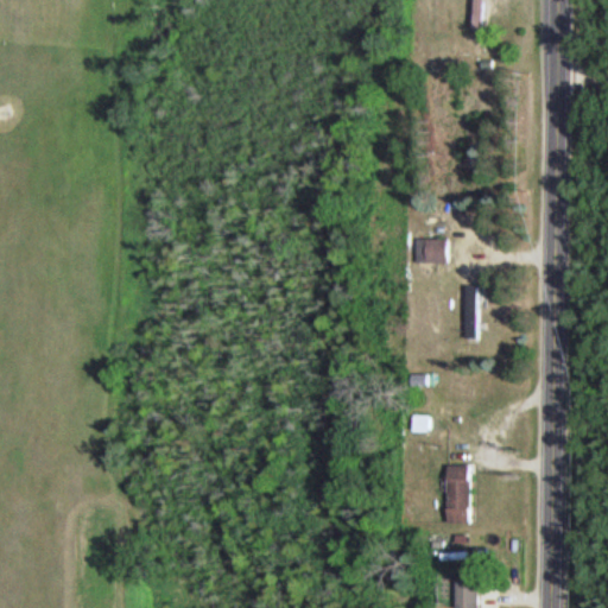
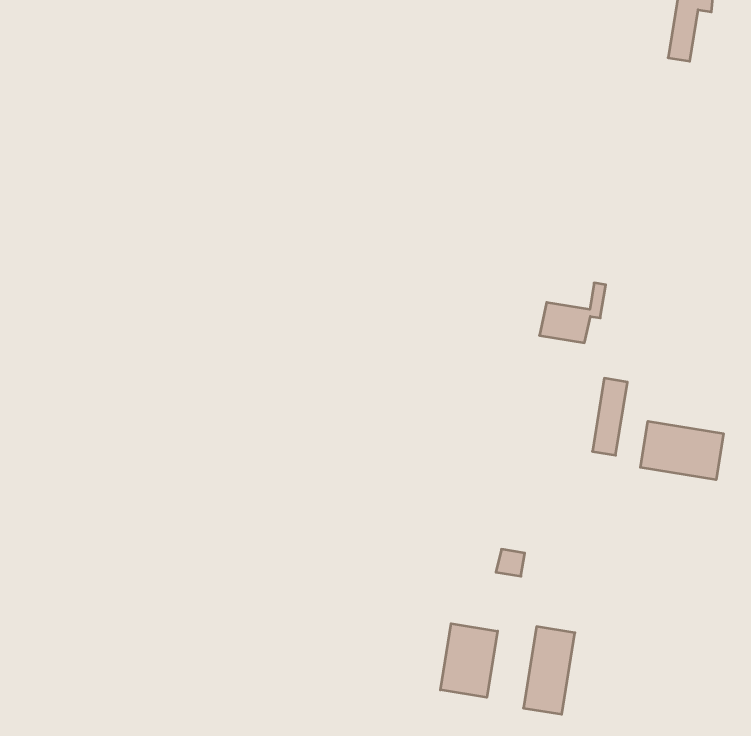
building: none -> [640,421,723,480]
building: none -> [440,624,498,697]

